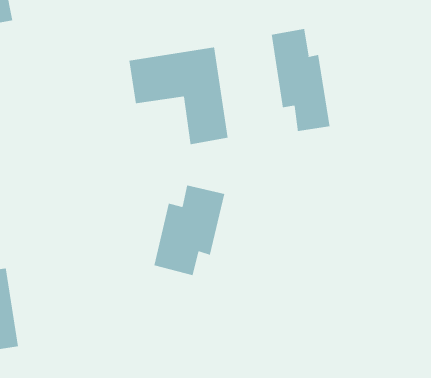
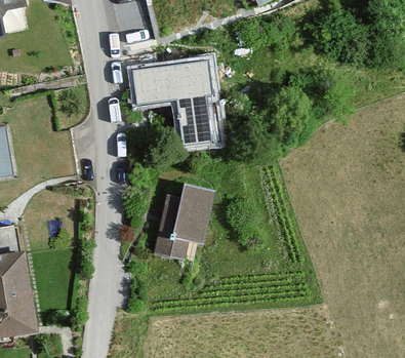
building: [271,28,330,132] -> none

